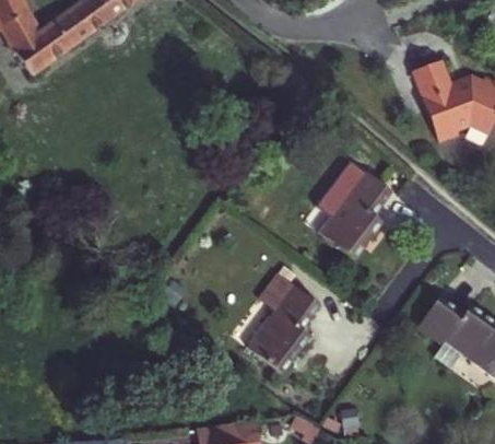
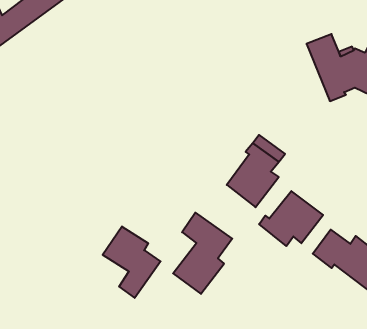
building: none -> [259,191,323,246]
building: none -> [103,226,161,298]

